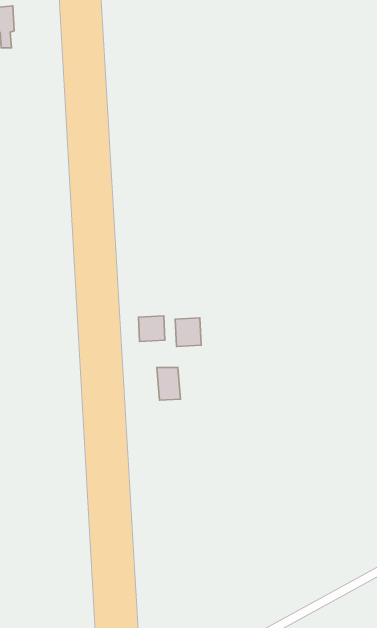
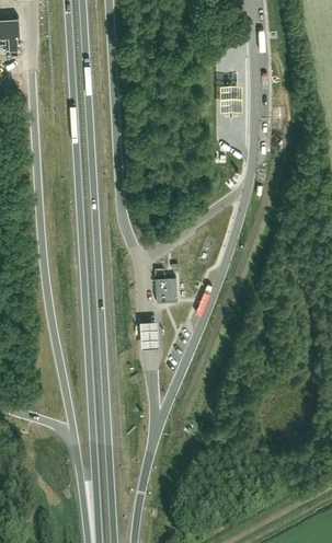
building: [138,316,165,342] -> none

